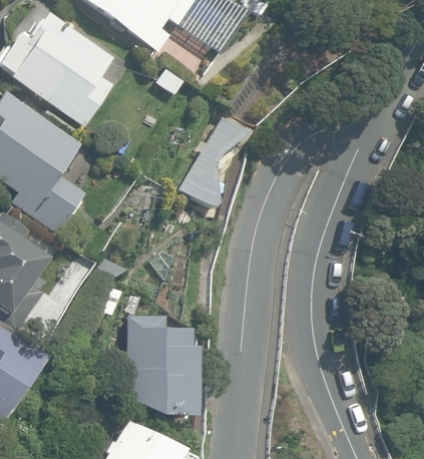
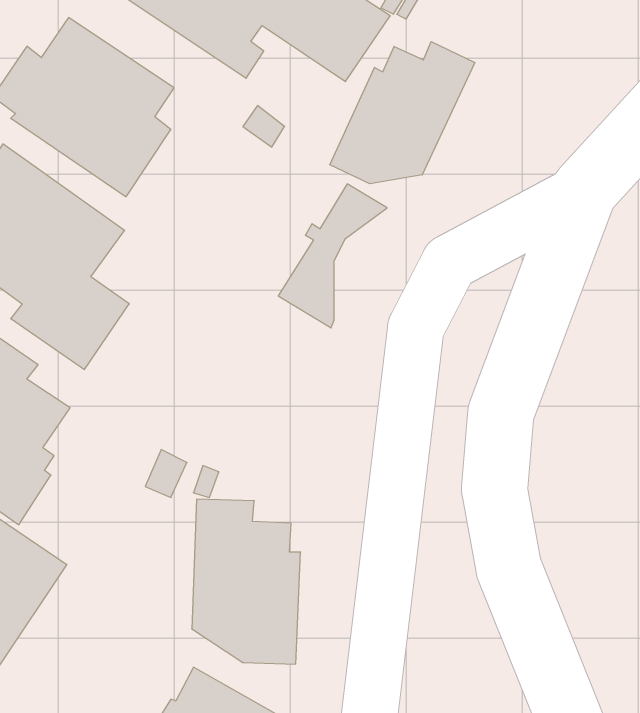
building: none -> [330,42,475,184]

